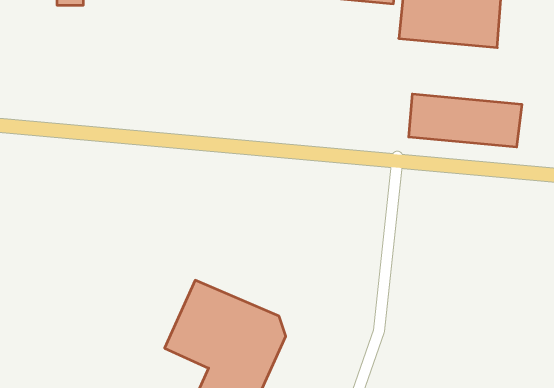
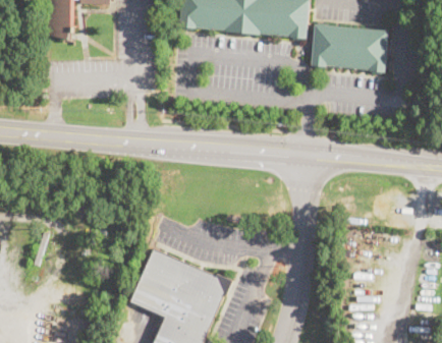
building: [409,94,522,147] -> none

